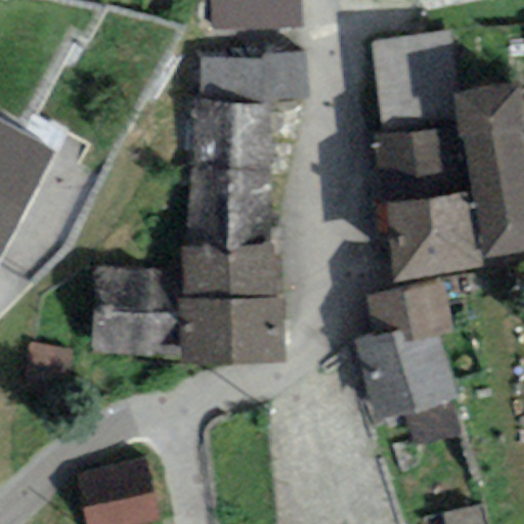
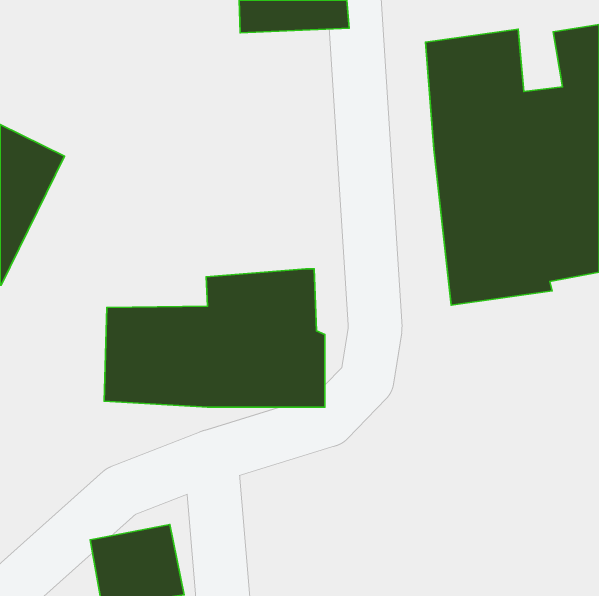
building: [190,50,309,244] -> none
building: [352,280,465,446] -> none

